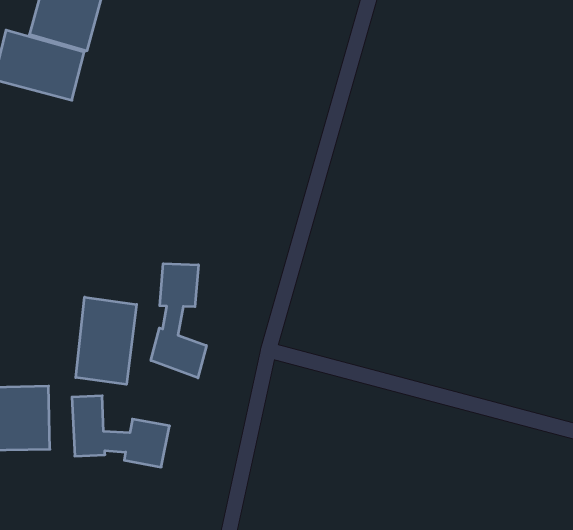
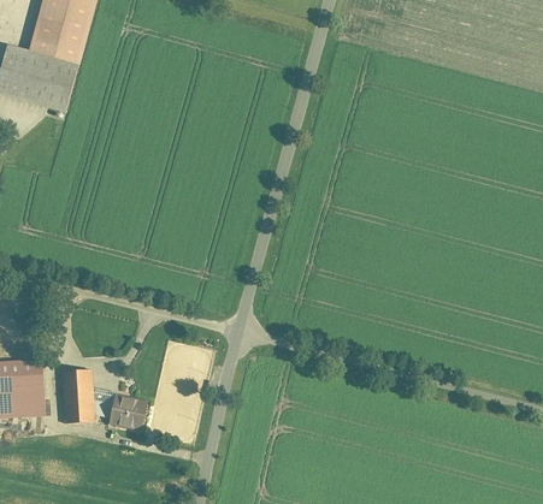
building: [151,264,206,378] -> none
building: [76,297,137,384] -> none

